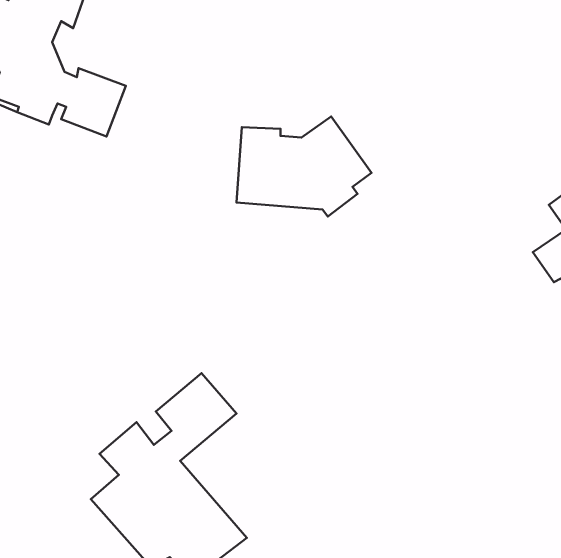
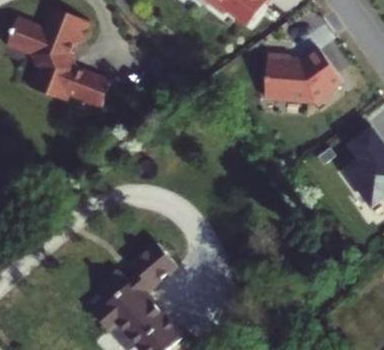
building: [237,117,372,216] -> [265,49,342,106]

